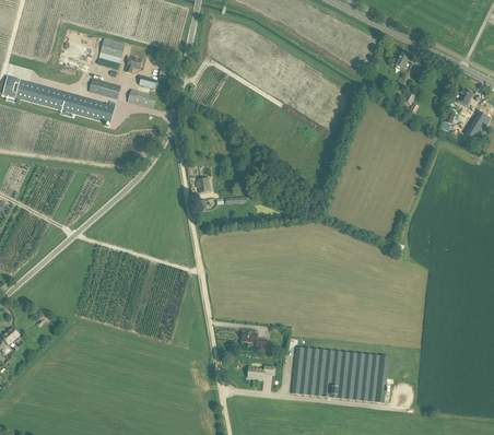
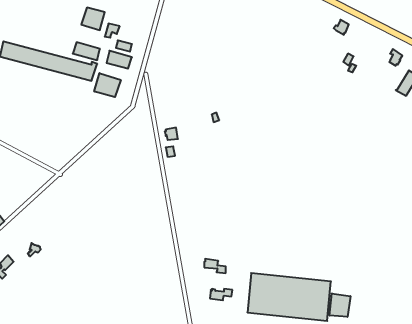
building: none -> [94,73,121,97]
building: none -> [330,293,350,317]

